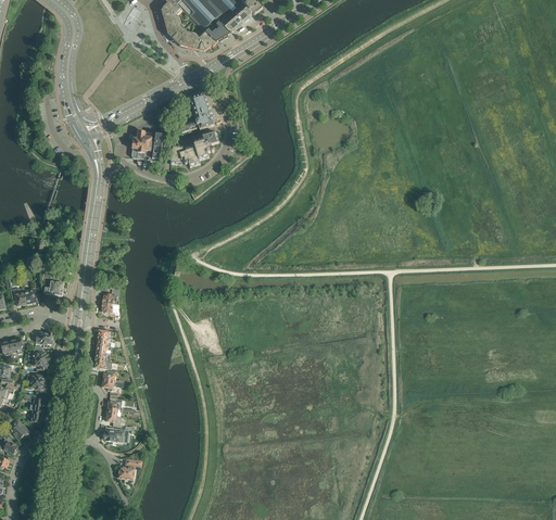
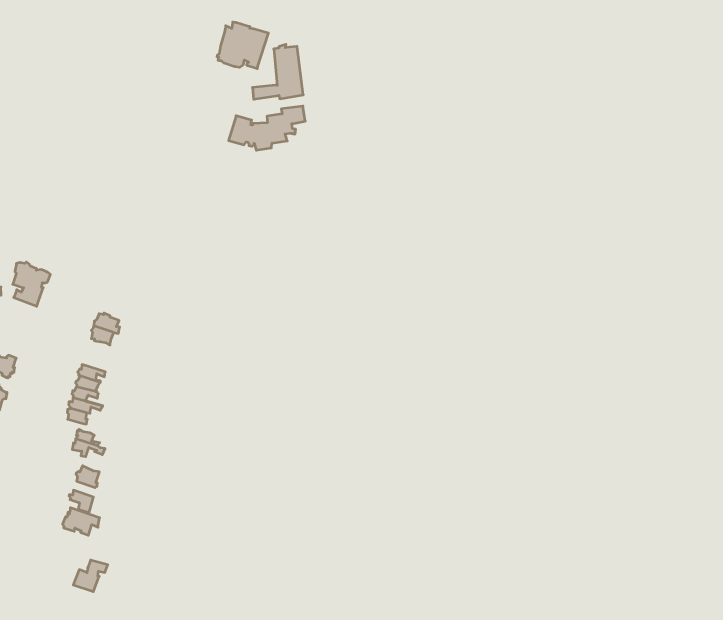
building: [129,130,161,160] -> [217,22,268,69]

